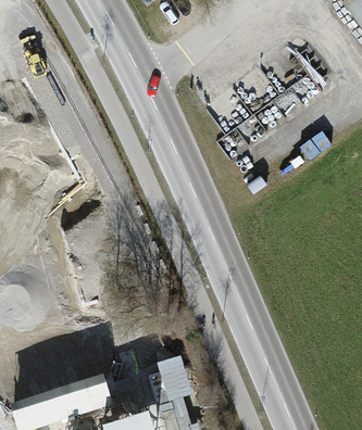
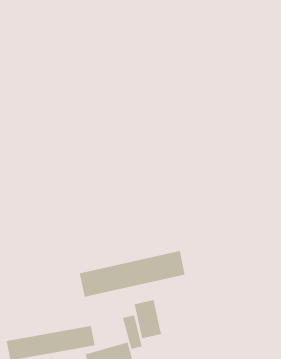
building: none -> [79,250,185,298]

